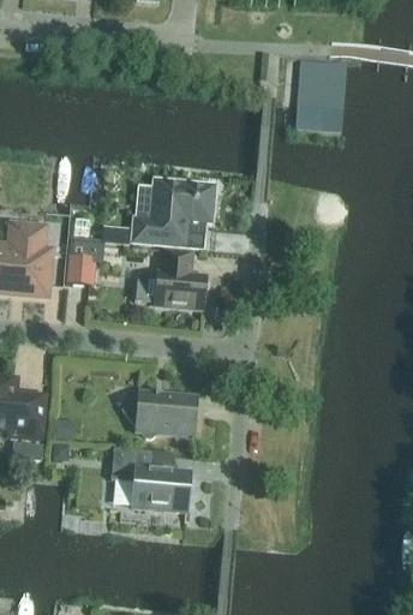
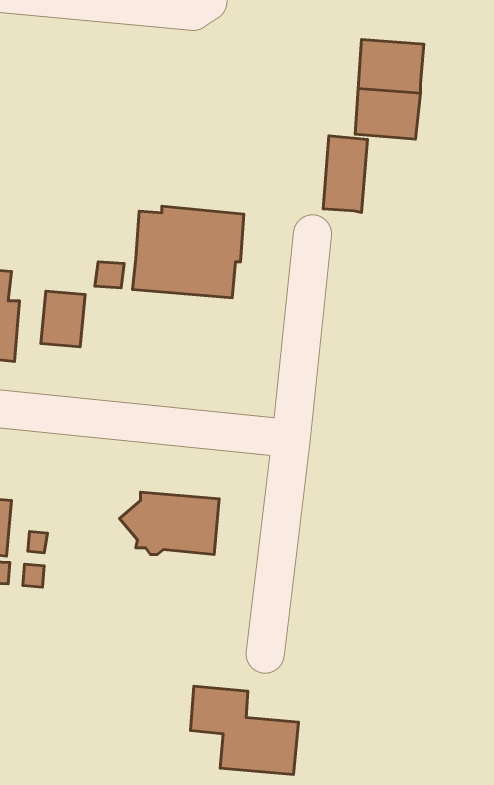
building: none -> [323,136,367,212]
building: [154,249,205,309] -> none
building: [110,447,190,512] -> [191,686,299,775]

